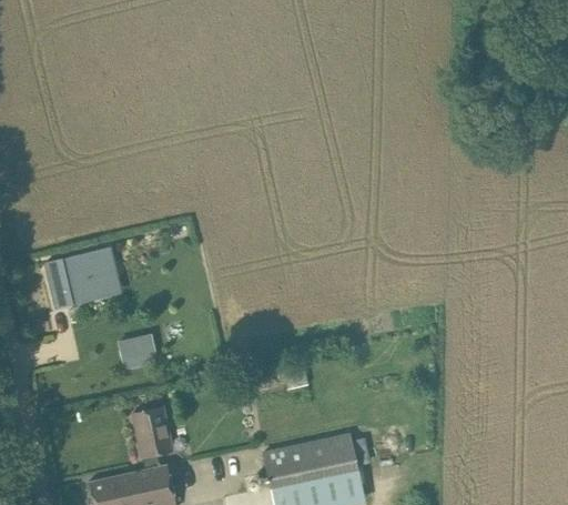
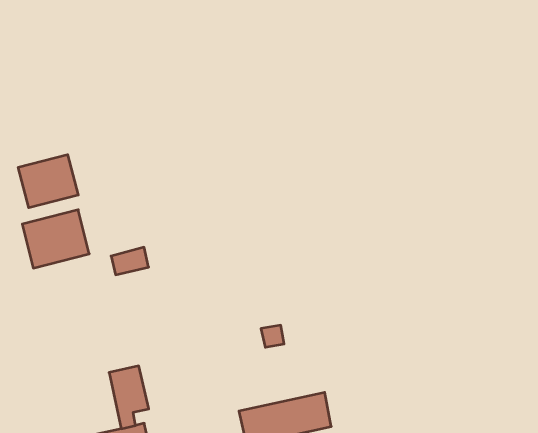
building: none -> [18,155,78,208]
building: [118,334,155,362] -> [111,247,149,275]

